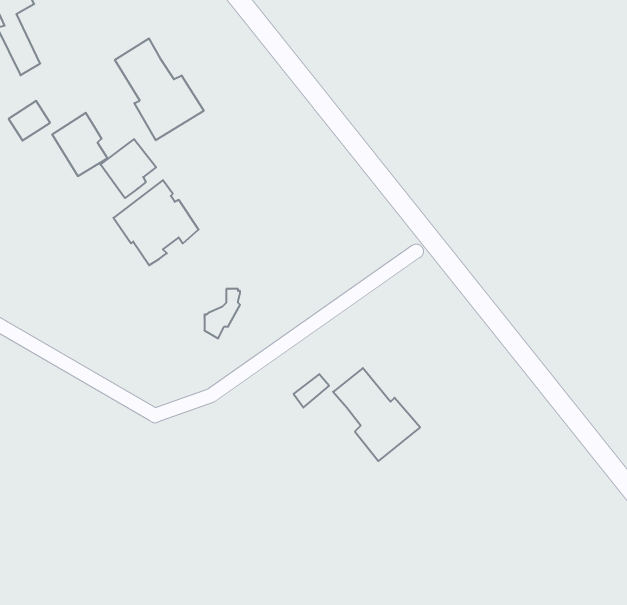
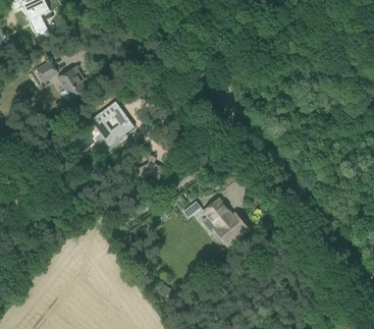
building: [115,38,204,140] -> none
building: [100,139,156,198] -> none

